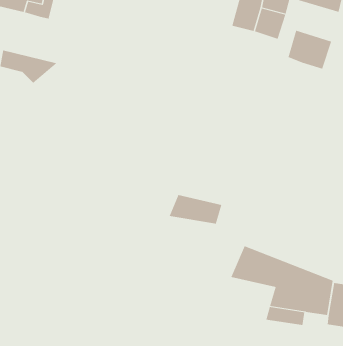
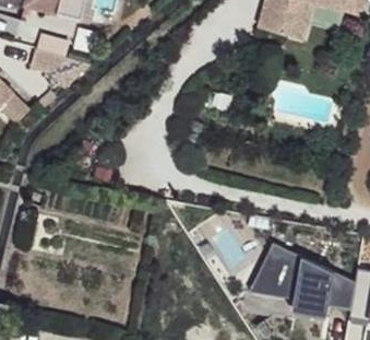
building: [288,30,332,69] -> none
building: [169,195,222,224] -> [246,269,297,297]

